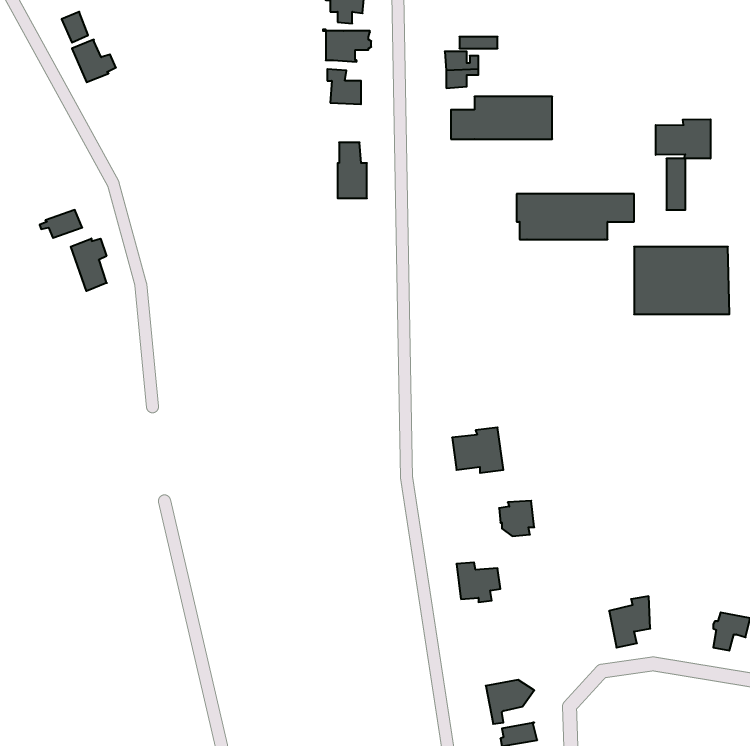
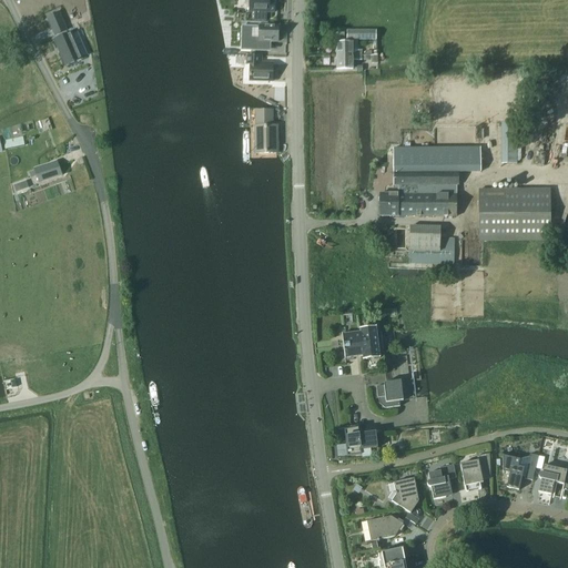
building: [451,97,552,139] -> [381,181,457,213]
building: [656,119,711,159] -> none
building: [71,238,107,291] -> none
building: none -> [409,223,455,261]
building: none -> [503,450,538,487]
building: none -> [427,462,457,497]
building: none -> [392,476,419,510]

